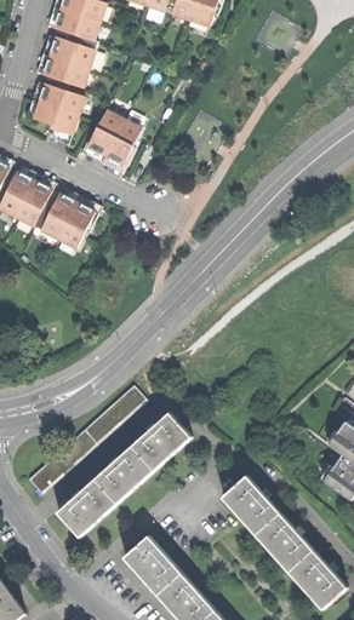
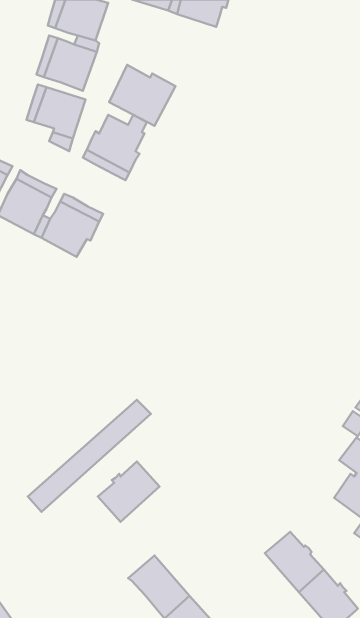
building: none -> [109,65,175,126]
building: [133,413,192,470] -> none
building: [223,476,281,534] -> none
building: [59,480,118,536] -> none

